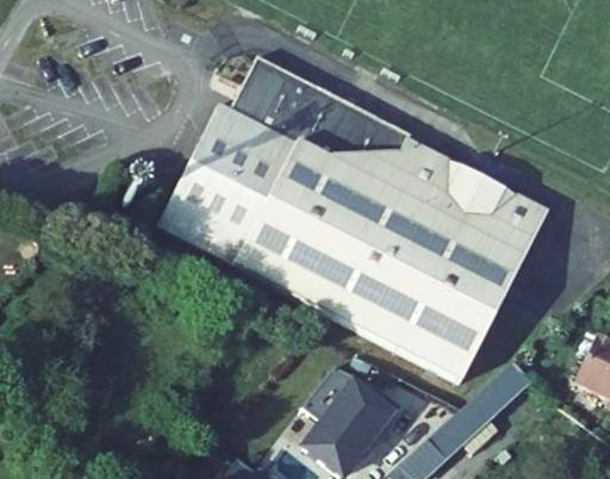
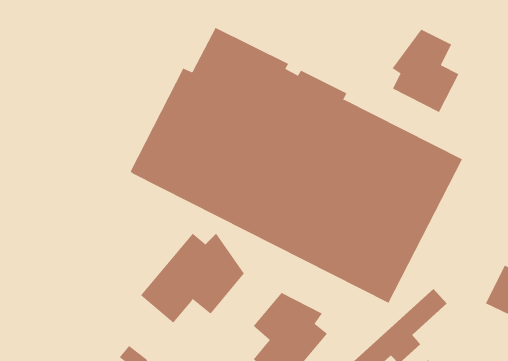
building: none -> [392,29,459,113]
building: none -> [140,233,245,323]

